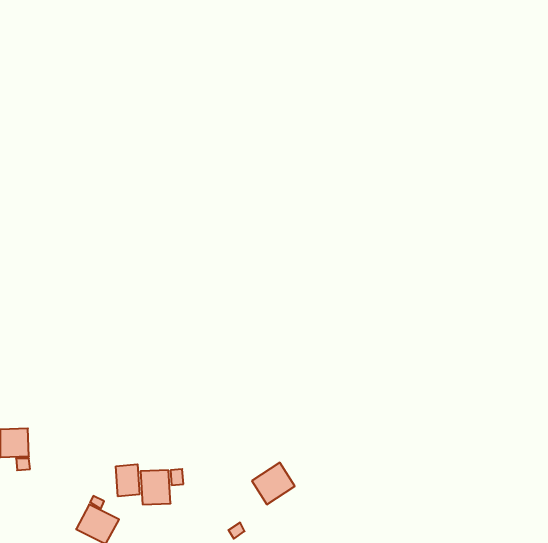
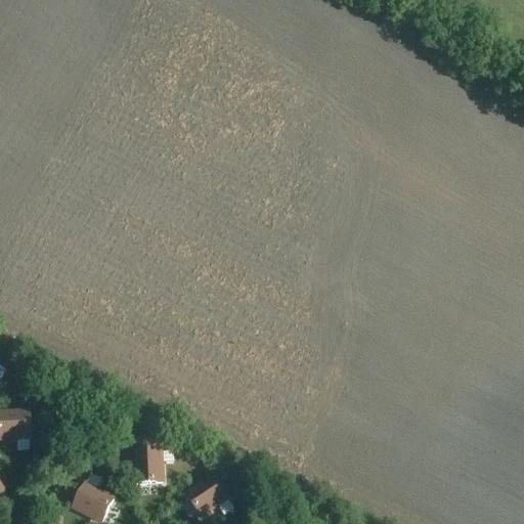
building: [252,463,295,504] -> [186,475,227,515]
building: [116,464,139,496] -> none

